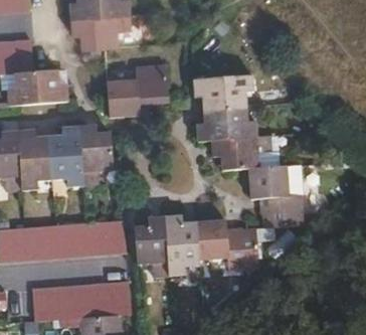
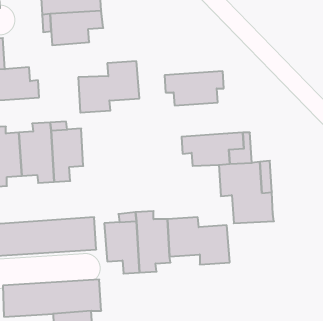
building: [196,106,256,141] -> none

